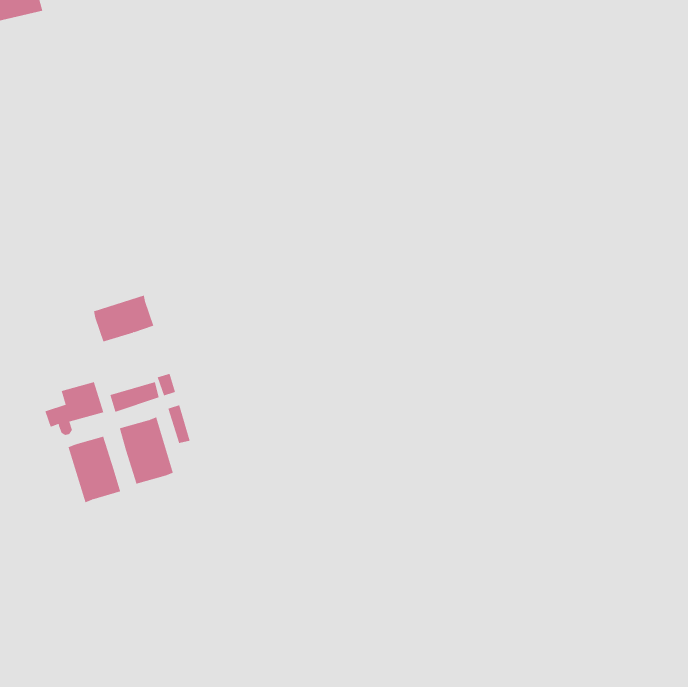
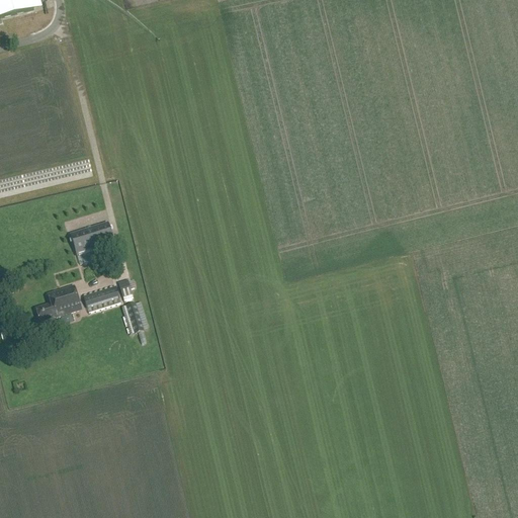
building: [119,416,173,485] -> none
building: [68,436,121,503] -> none

